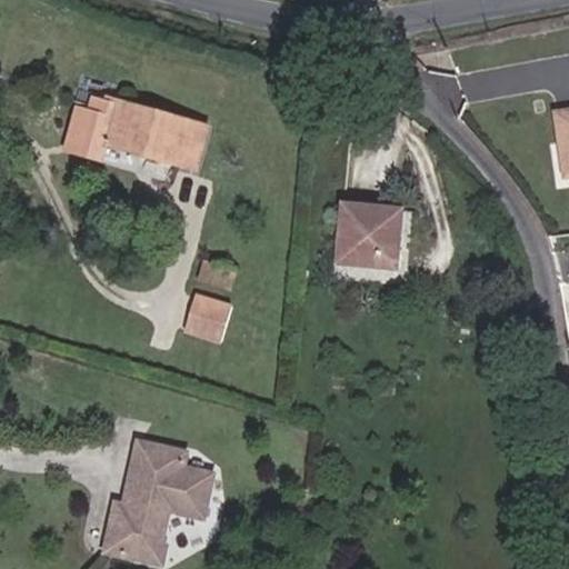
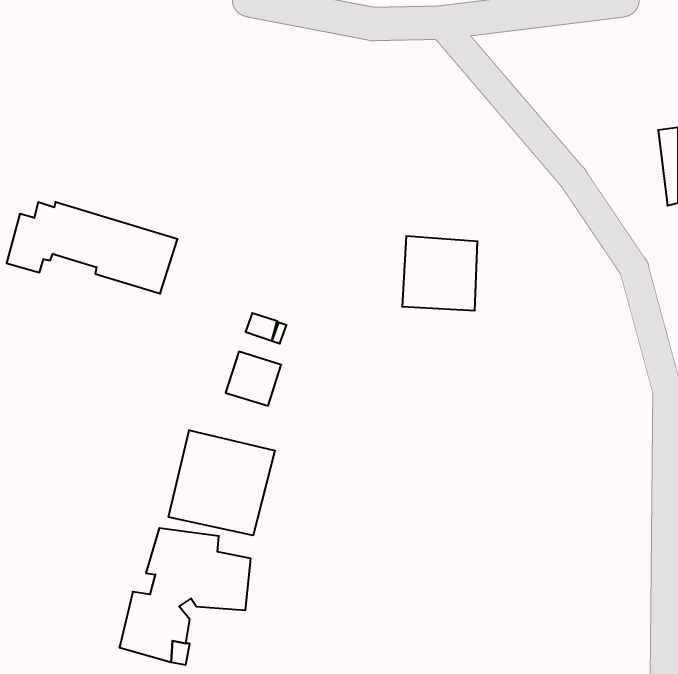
building: [76,99,219,176] -> [6,202,178,294]
building: none -> [169,430,275,535]

